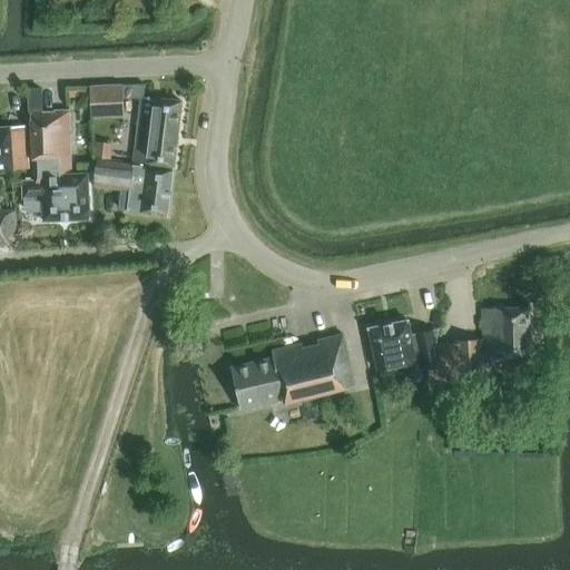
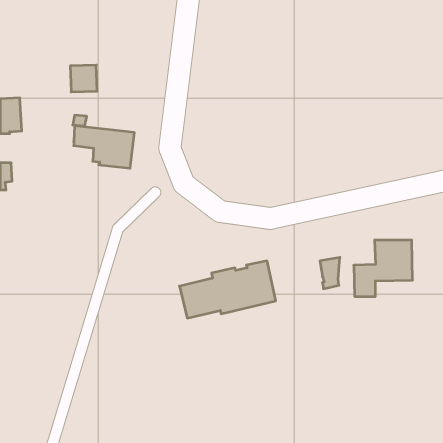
building: [21,89,89,220] -> none
building: [132,98,181,167] -> none
building: [367,321,416,371] -> none

